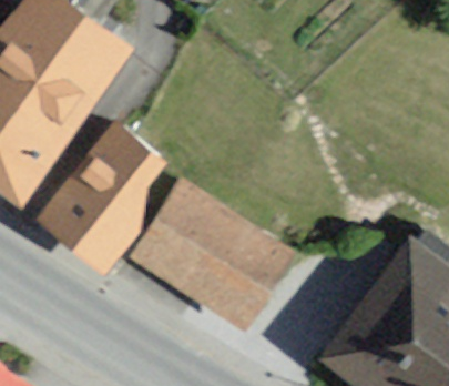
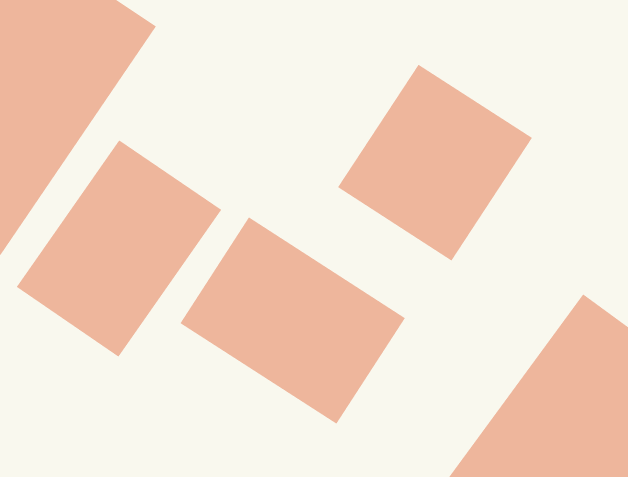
building: none -> [337,64,533,261]

